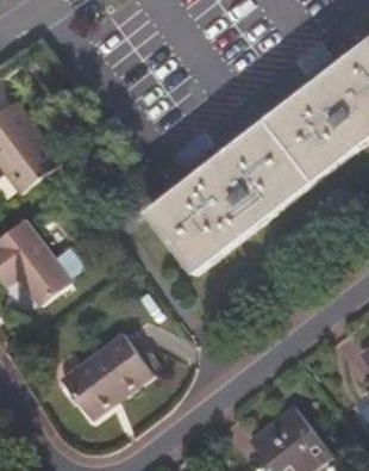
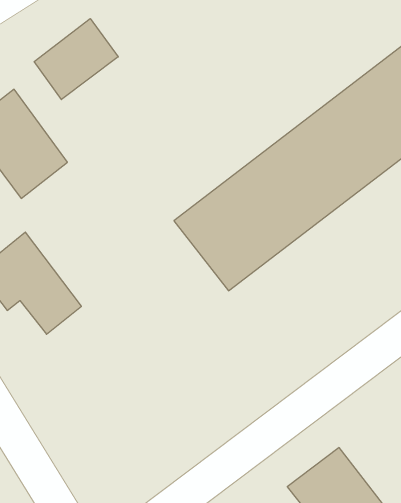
building: none -> [34,19,118,100]
building: [65,335,155,422] -> none

